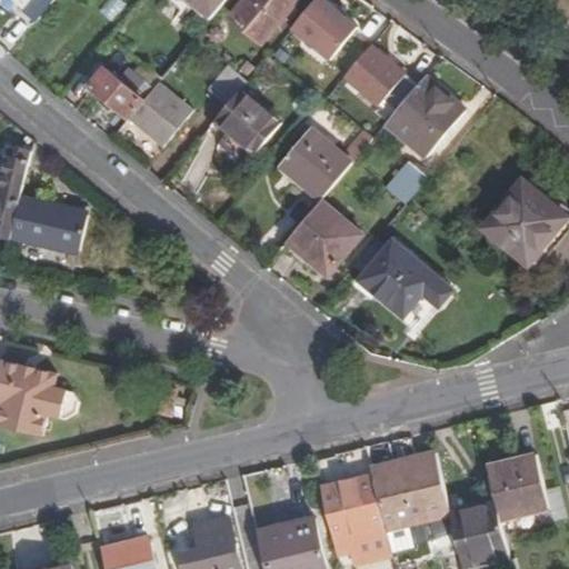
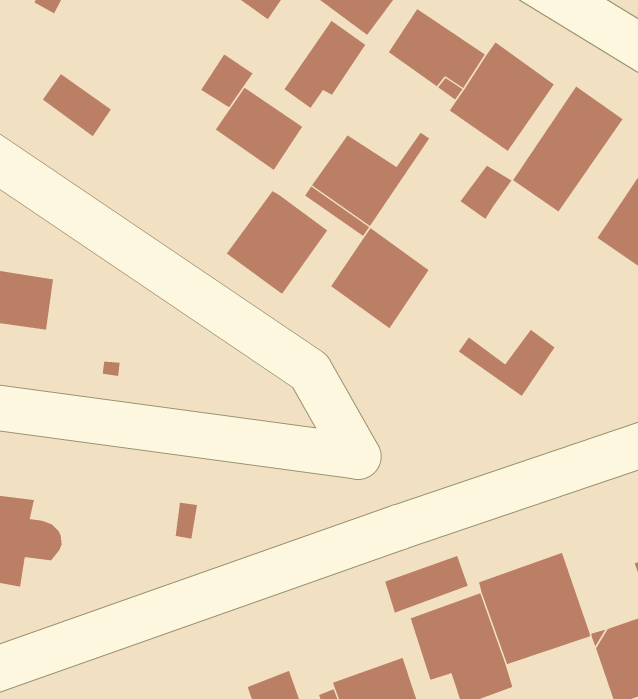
building: none -> [284,20,366,109]
building: [126,79,192,147] -> none
building: none -> [512,85,623,213]
building: none -> [226,190,328,294]
building: [355,239,452,309] -> none
building: none -> [384,555,469,613]

